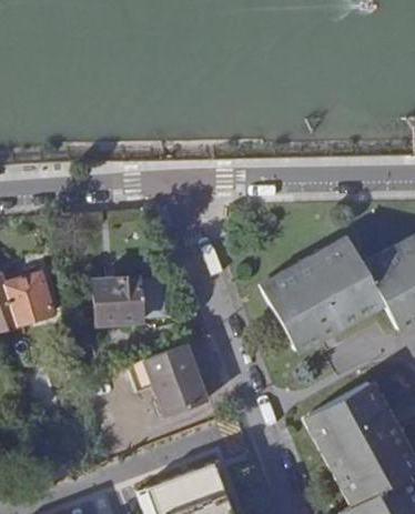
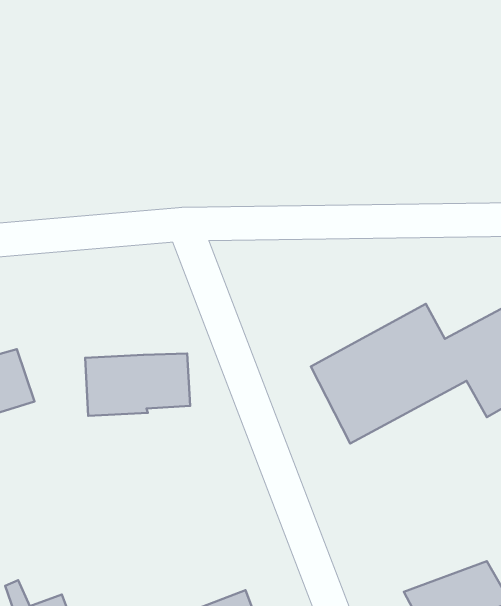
building: [145,343,209,416] -> none
building: [311,381,399,460] -> none

